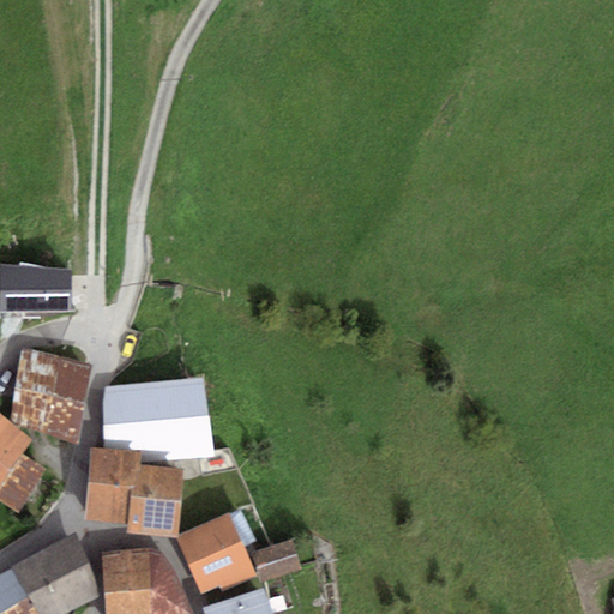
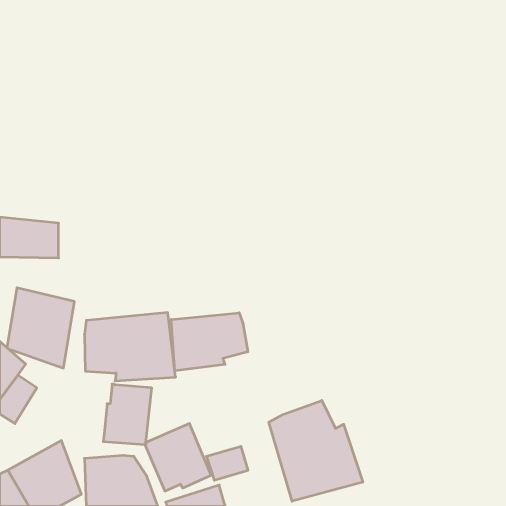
building: none -> [171,313,248,371]
building: [83,447,140,524] -> none
building: none -> [269,400,363,501]

